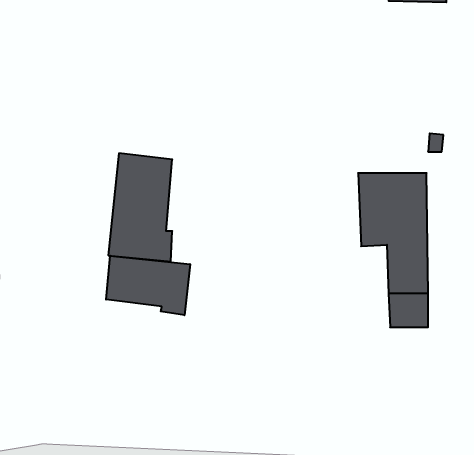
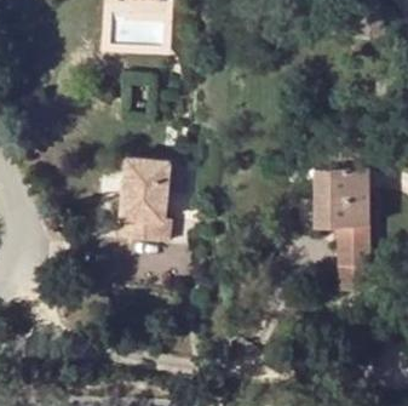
building: [106,256,190,315] -> none

